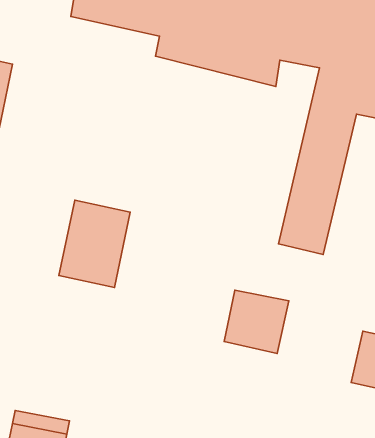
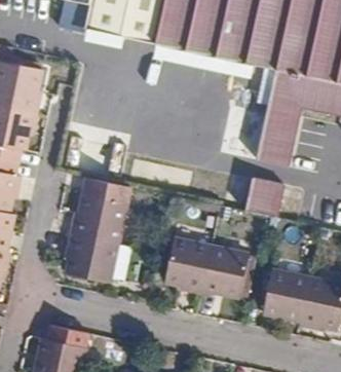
building: none -> [63,233,127,280]
building: none -> [159,236,207,285]
building: none -> [259,267,307,317]

